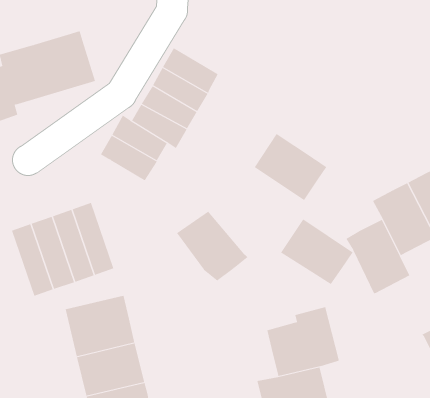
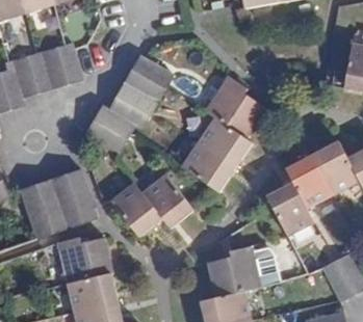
building: none -> [205,81,263,136]
building: [280,219,354,285] -> [182,142,236,191]
building: none -> [111,183,161,236]

